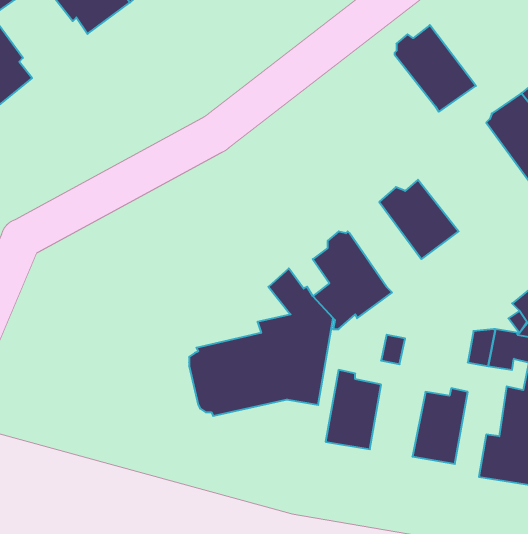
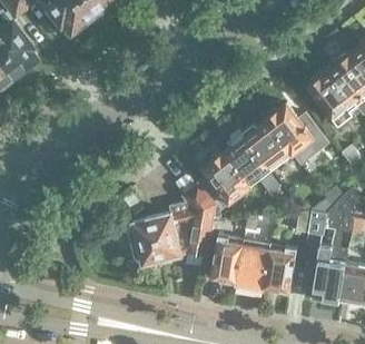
building: [395,25,476,112] -> [266,104,315,156]
building: none -> [225,135,268,186]
building: none -> [237,245,270,291]

